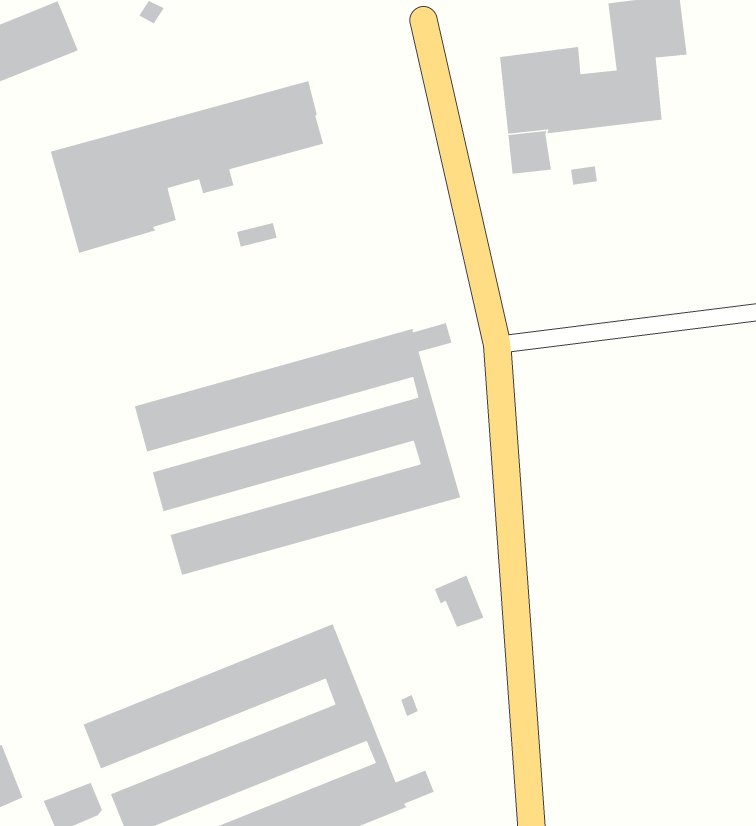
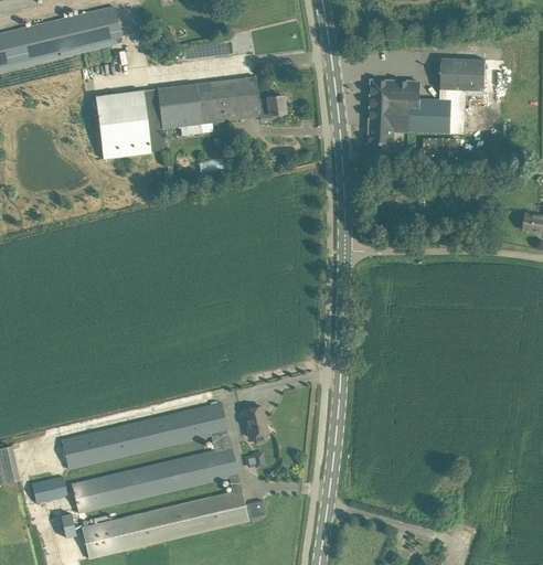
building: none -> [256,95,285,118]
building: [134,322,461,576] -> none
building: [434,575,485,628] -> [239,405,267,436]

